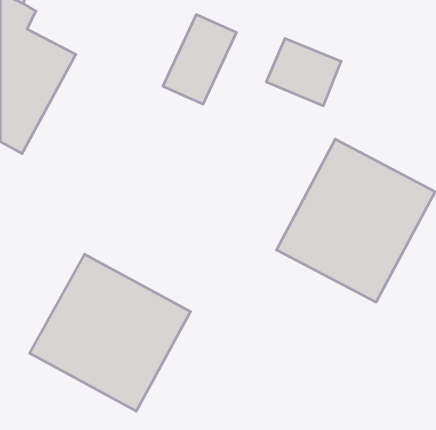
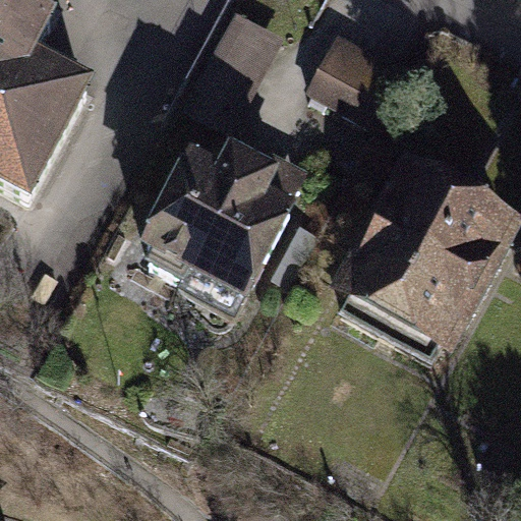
building: none -> [132,142,305,300]
building: [30,254,191,411] -> none

